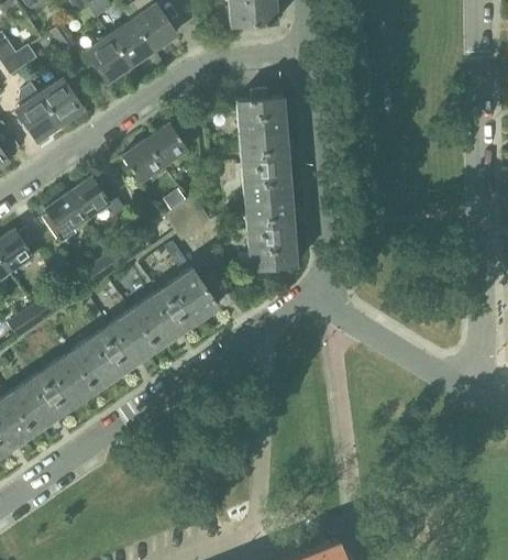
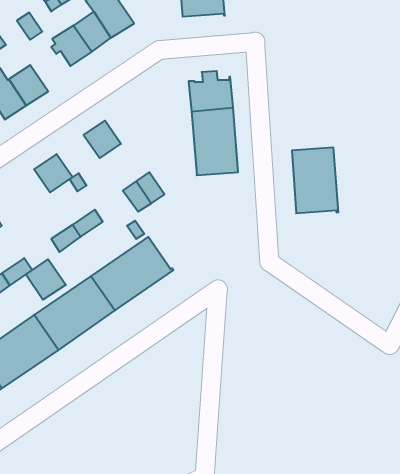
building: [146,123,189,166] -> none
building: [43,194,87,244] -> none
building: [246,197,297,268] -> [292,148,338,213]
building: none -> [26,259,66,300]

